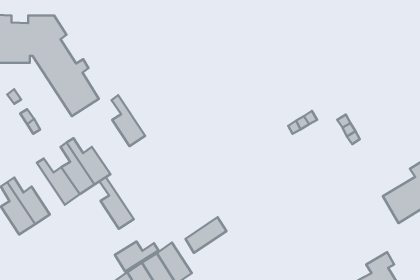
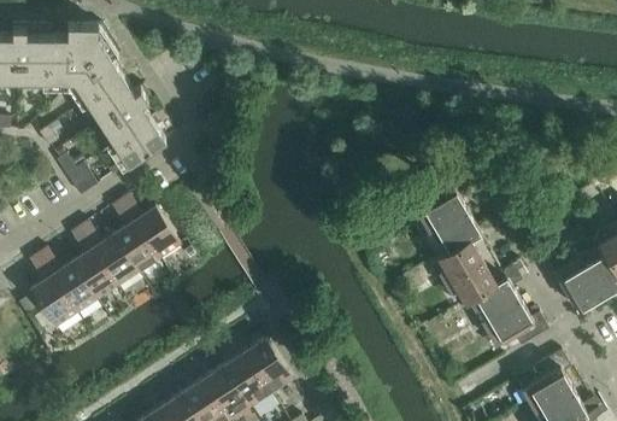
building: [112,95,145,146] -> none
building: none -> [416,186,548,345]
building: [100,177,134,229] -> [71,227,118,298]
building: [185,217,226,253] -> none
building: [115,241,159,271] -> none

